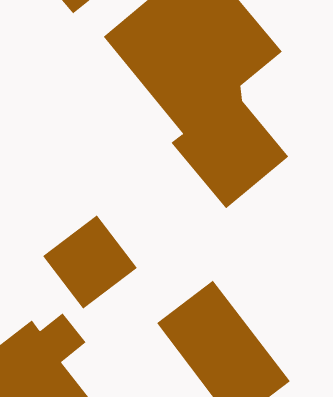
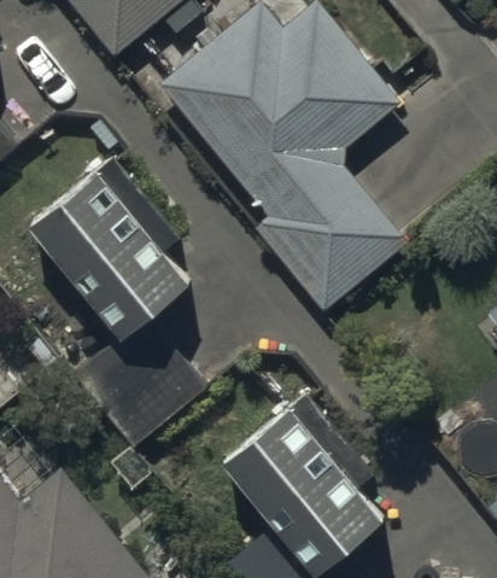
building: none -> [29,168,185,331]

